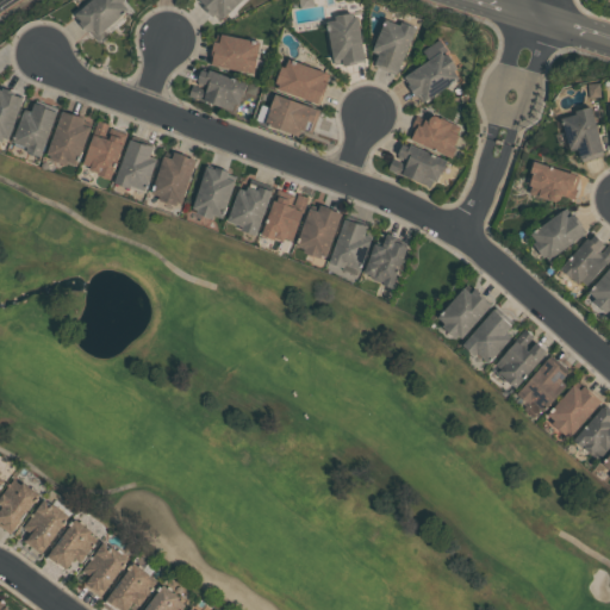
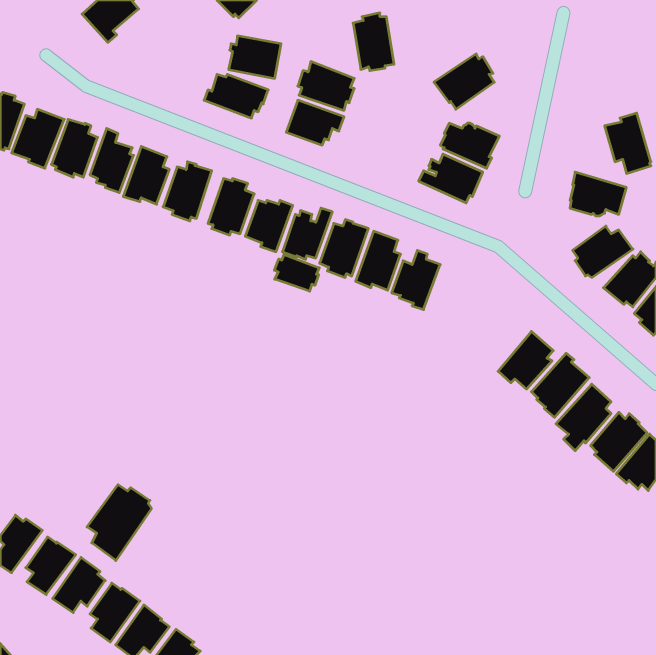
building: [373,20,417,73] -> none
building: none -> [274,254,319,291]
building: [438,288,492,338] -> none
building: none -> [87,485,151,561]

